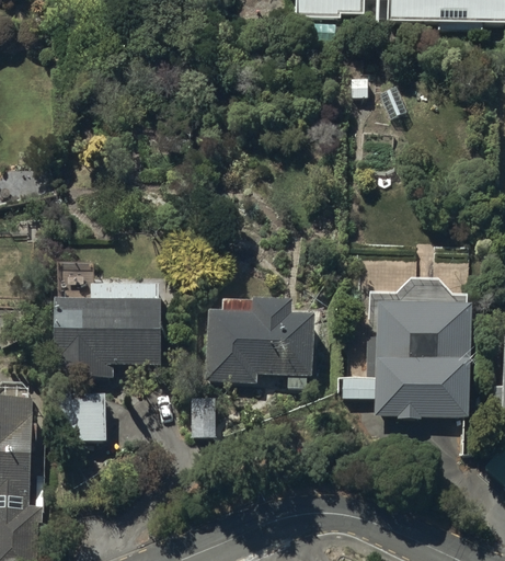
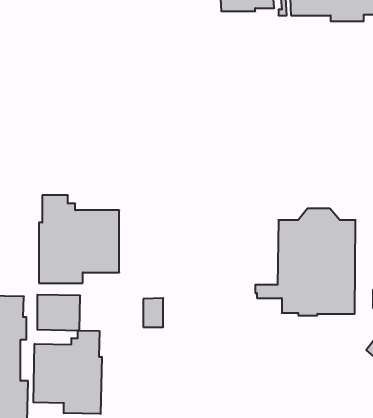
building: [205,295,314,388] -> none
building: none -> [33,330,102,414]

